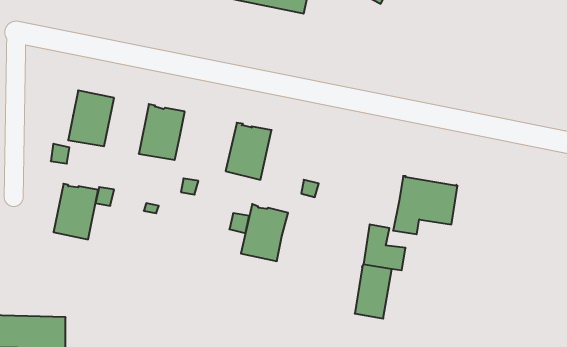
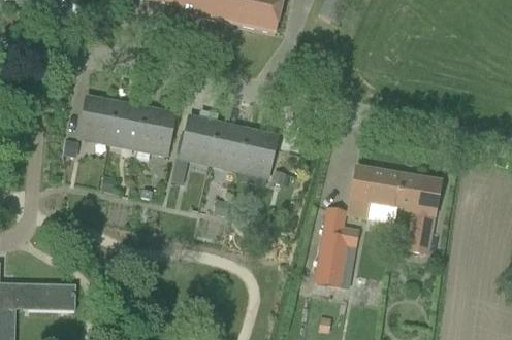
building: none -> [179,115,218,162]
building: [53,184,98,239] -> [107,101,145,147]
building: none -> [396,174,439,251]
building: [241,204,288,261] -> [237,128,277,175]

